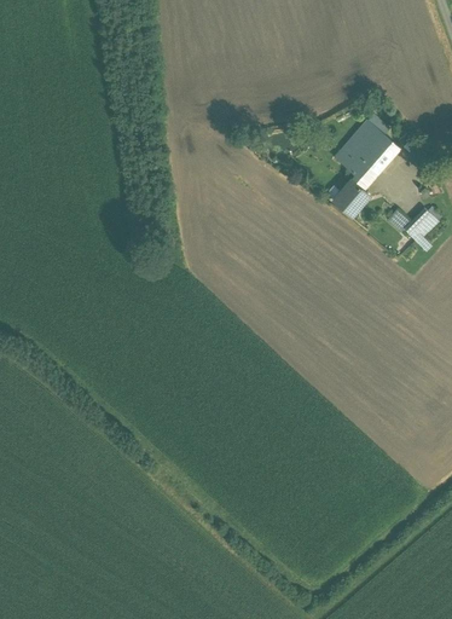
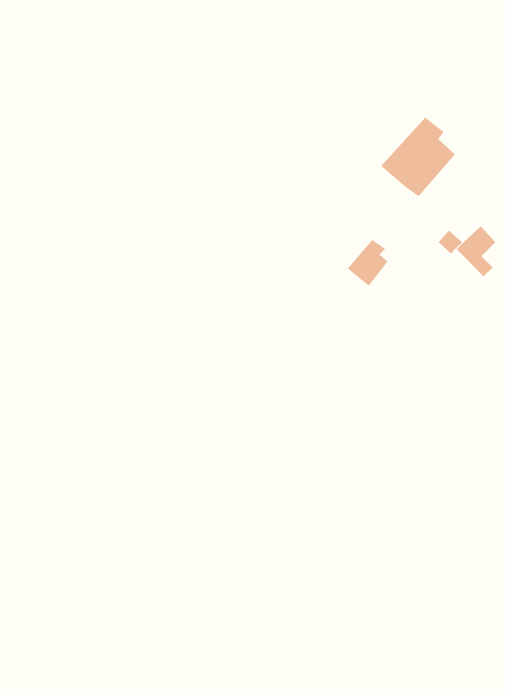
building: [335,174,371,215] -> [347,239,389,286]

